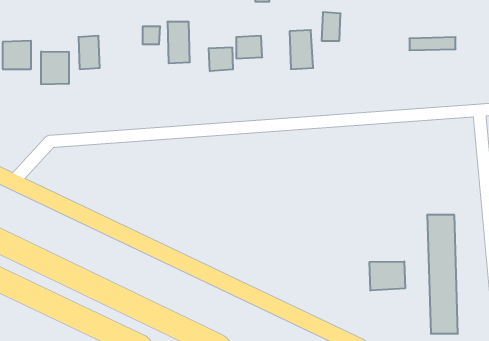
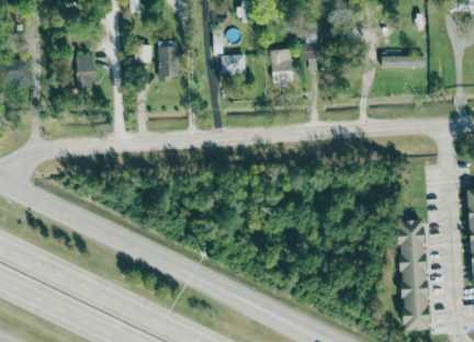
building: [209,47,233,71] -> none
building: [41,51,69,84] -> none
building: [370,261,405,291] -> none

